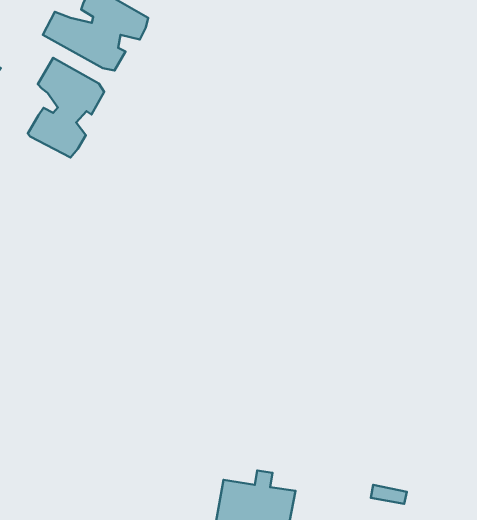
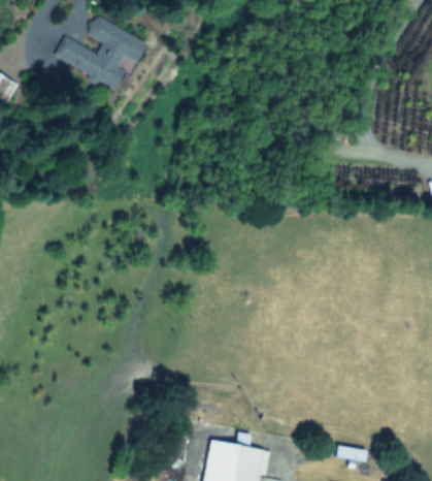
building: [28,58,104,158] -> none

